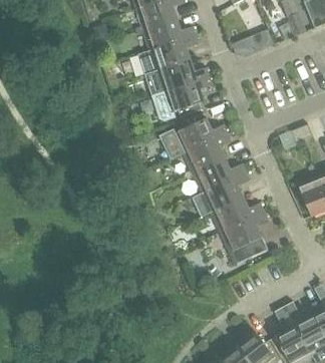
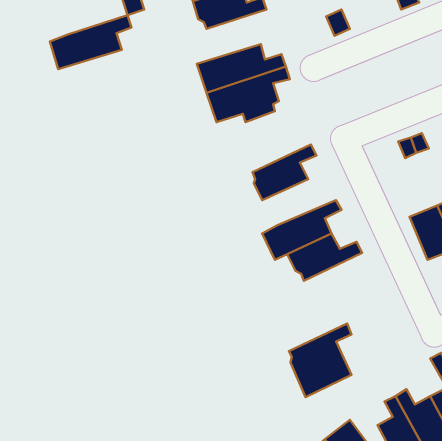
building: [139,36,199,75] -> [50,15,132,69]
building: [160,118,228,159] -> none
building: [193,158,246,192] -> none
building: [223,212,268,265] -> [289,323,351,397]

